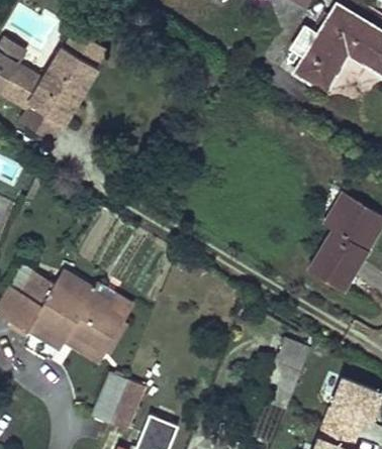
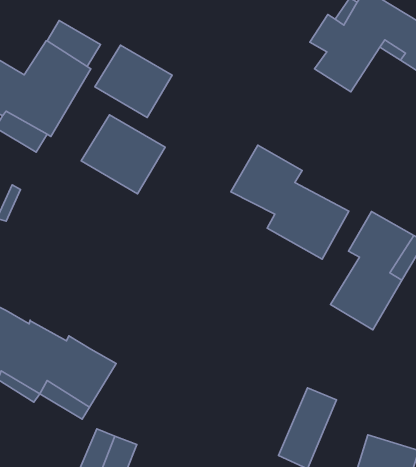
building: none -> [95,45,172,118]
building: none -> [81,115,165,194]
building: none -> [231,145,349,259]
building: [57,264,114,306] -> none

